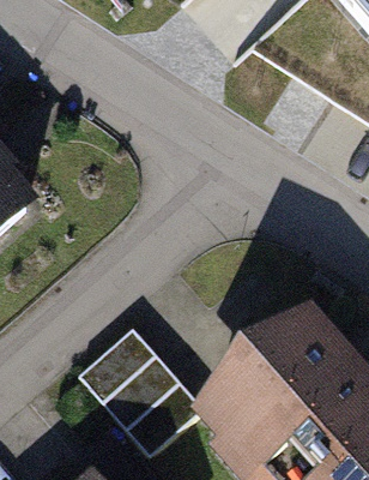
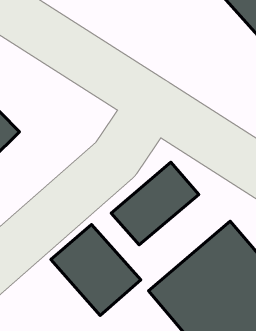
building: none -> [111,162,199,245]

